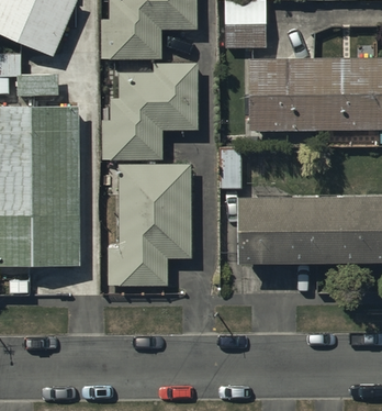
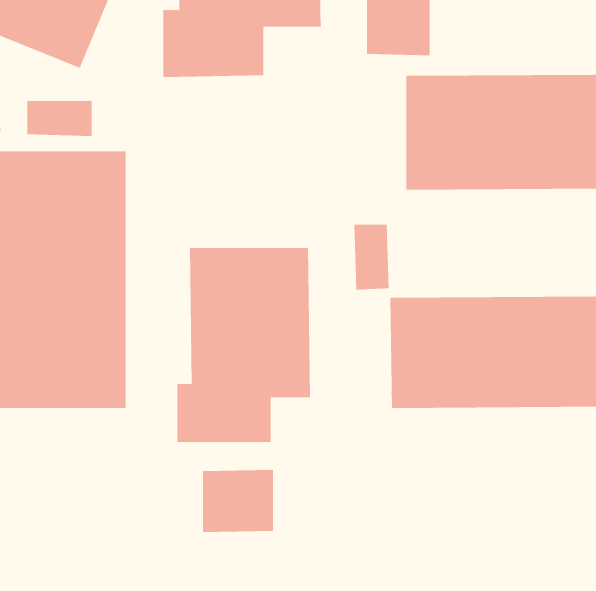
building: [101,64,198,160] -> none
building: none -> [203,469,273,533]

